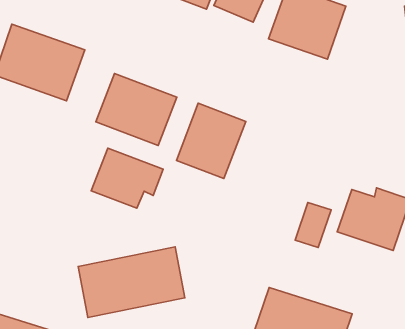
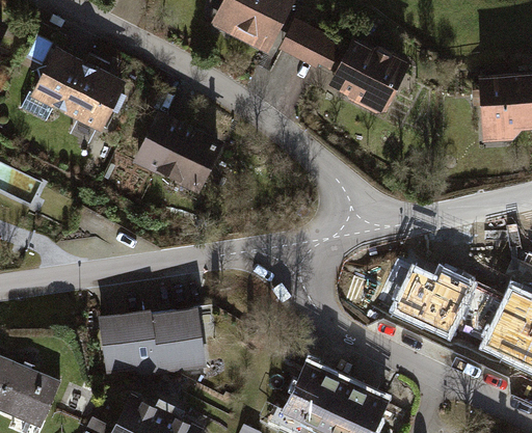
building: [176,103,246,179] -> none
building: [91,148,163,208] -> none
building: [295,202,331,247] -> none

